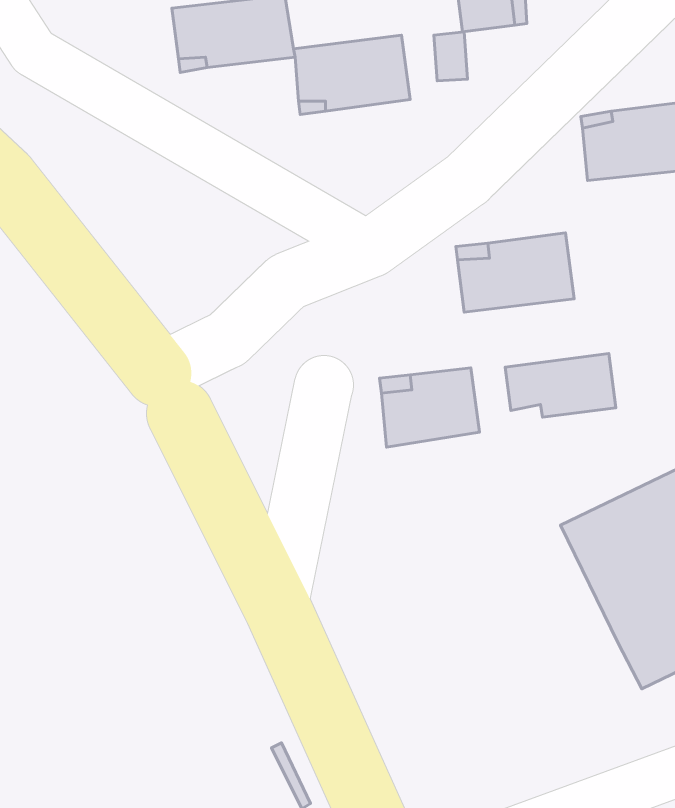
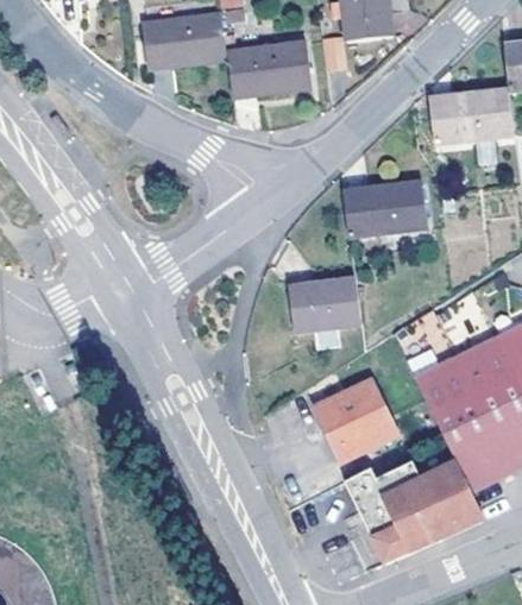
building: [505,353,616,417] -> none
building: none -> [320,387,397,468]
building: none -> [346,467,484,571]

